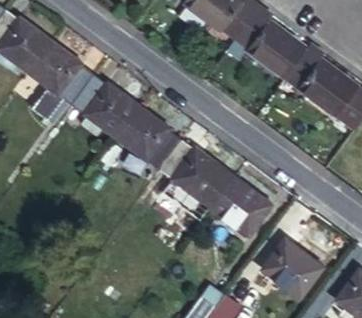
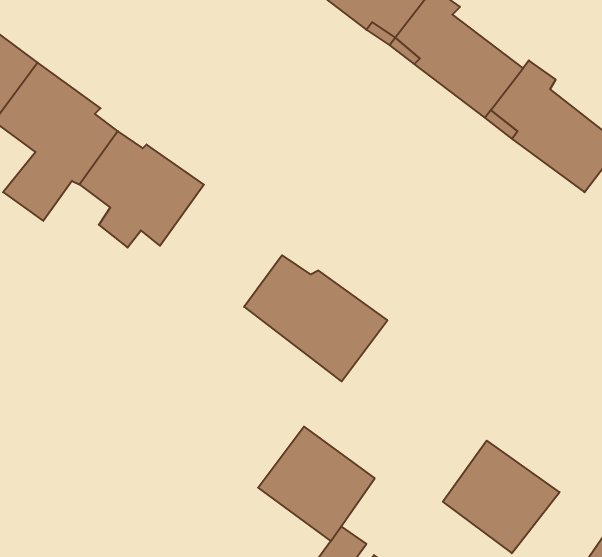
building: [114,105,178,169] -> none
building: [209,176,270,236] -> [258,427,375,541]

